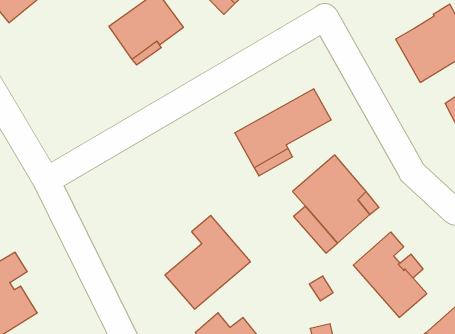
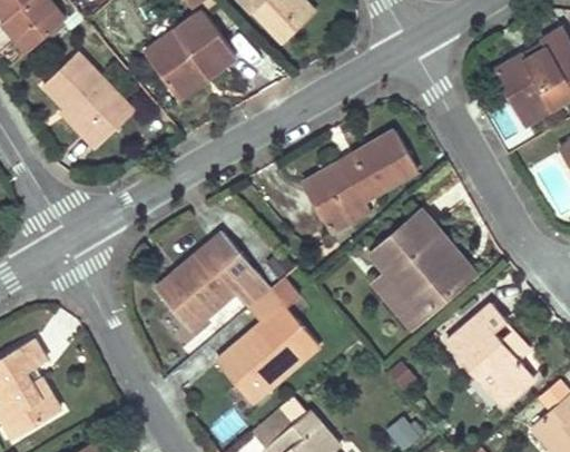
building: none -> [43,53,134,151]
building: none -> [155,228,271,327]

